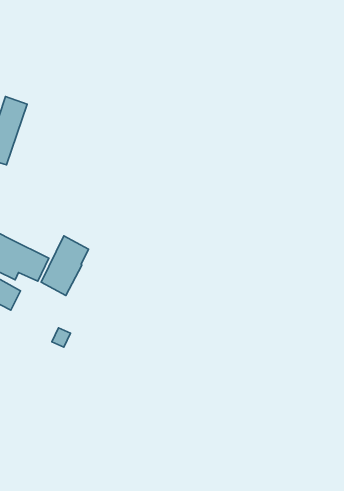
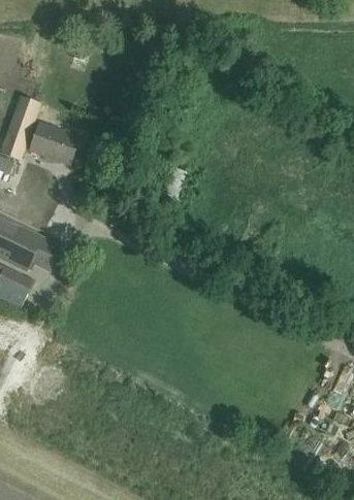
building: none -> [29,124,81,166]
building: [41,236,89,295] -> none

